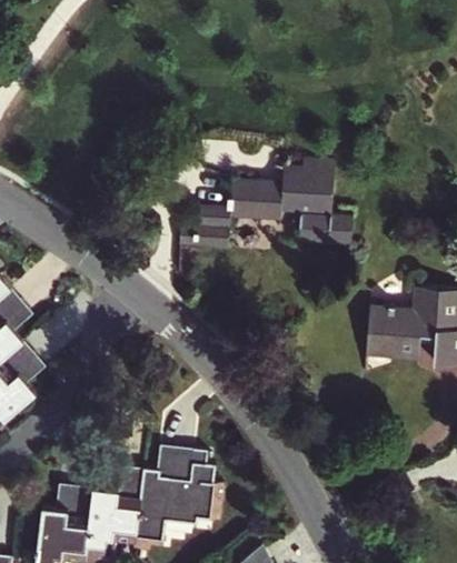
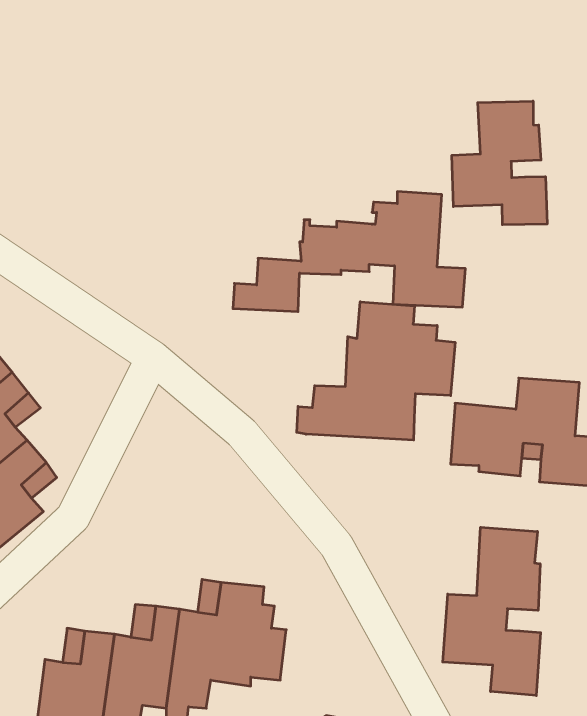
building: none -> [452,101,547,225]
building: none -> [297,302,455,440]
building: none -> [443,527,541,696]

